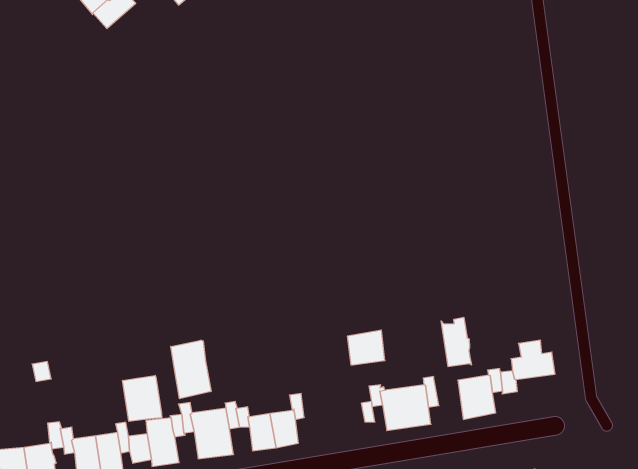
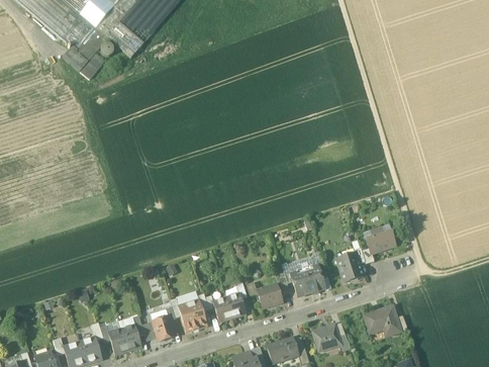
building: [441,317,471,367] -> none
building: [347,330,385,365] -> [256,283,281,307]
building: [171,340,211,399] -> none
building: [123,375,162,421] -> none

